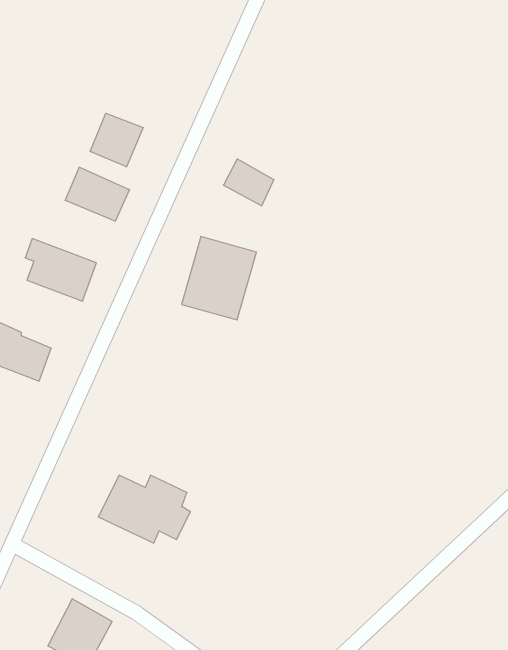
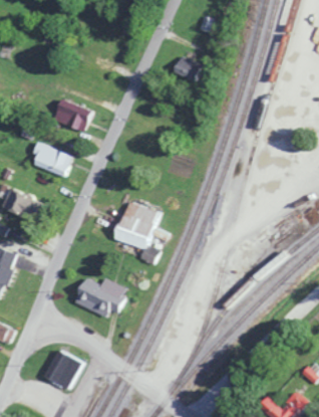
building: [90,113,143,167] -> none
building: [223,159,274,206] -> [173,55,202,82]
building: [182,236,256,320] -> [115,201,158,249]

